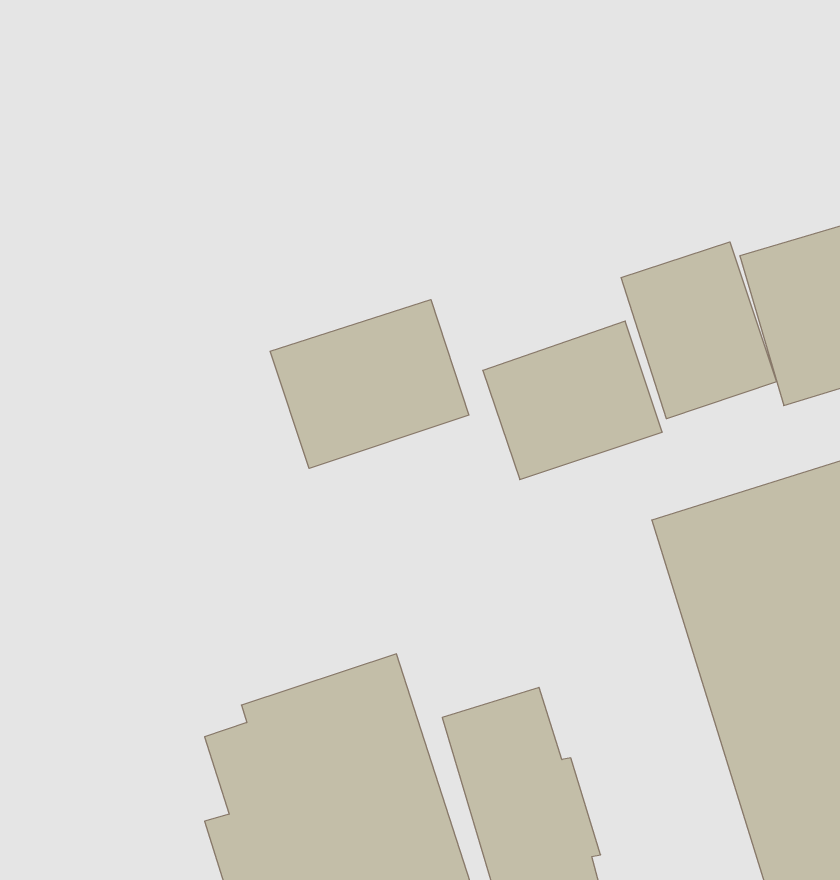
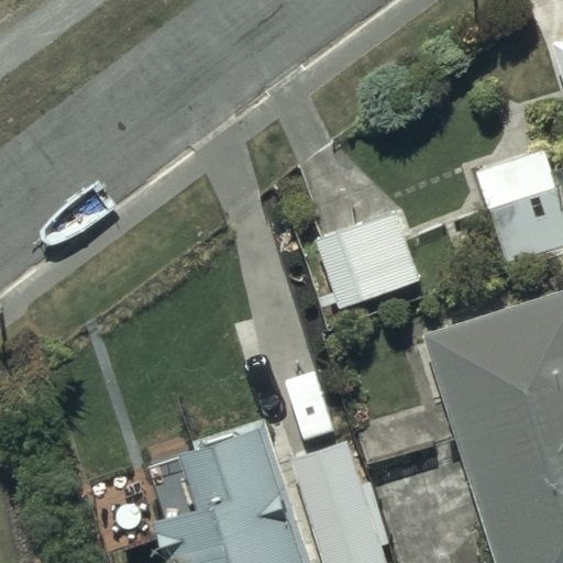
building: [621,242,777,419] -> none
building: [270,300,469,468] -> none

